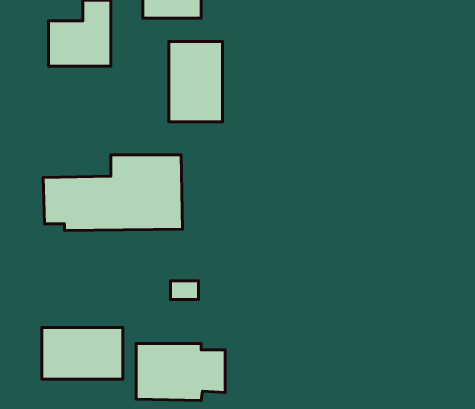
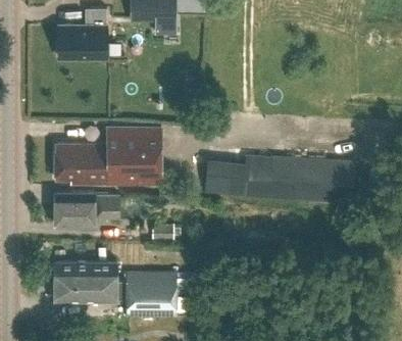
building: [169,41,223,122] -> none
building: none -> [204,155,354,202]
building: none -> [54,192,118,226]

